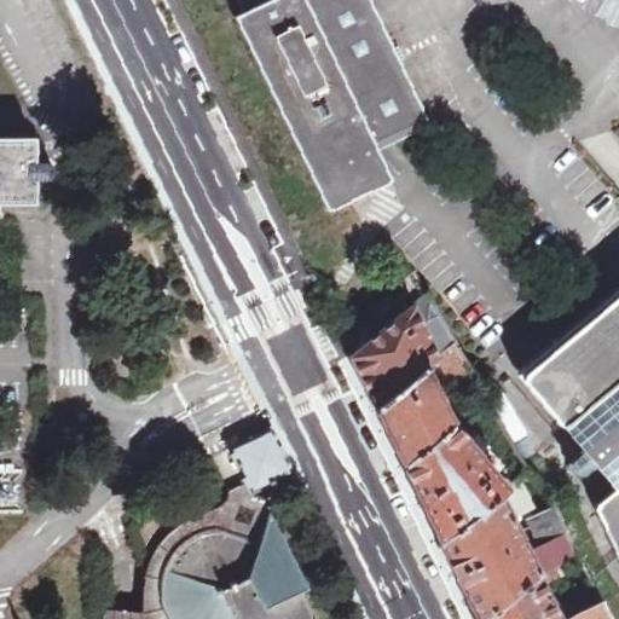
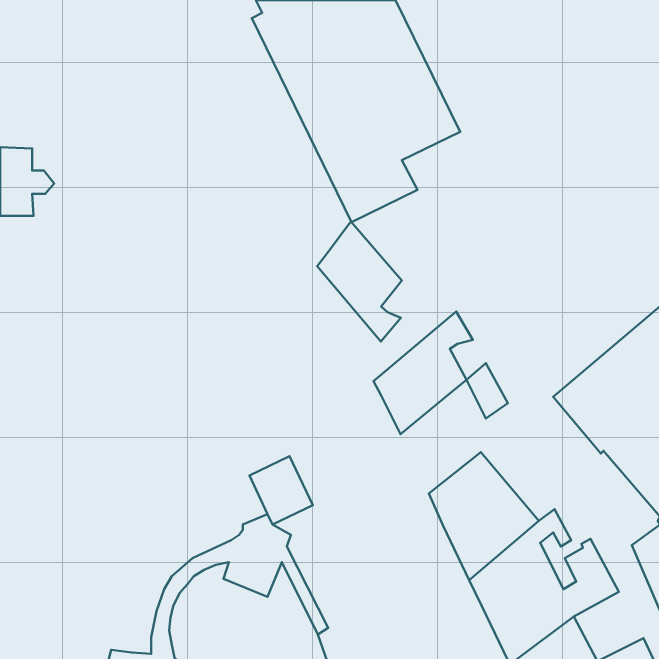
building: none -> [317,222,402,342]
building: [376,368,451,463] -> none

